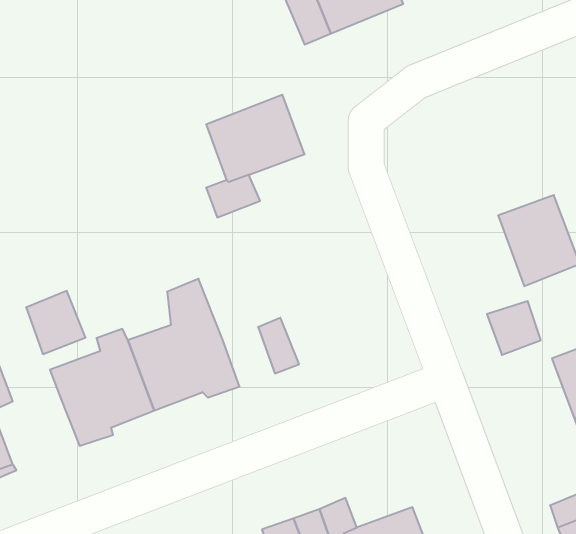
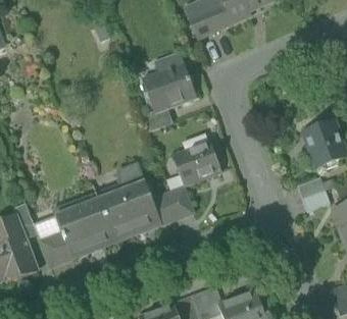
building: none -> [173,142,219,184]
building: [26,291,86,354] -> [40,231,72,266]
building: none -> [151,192,180,224]

